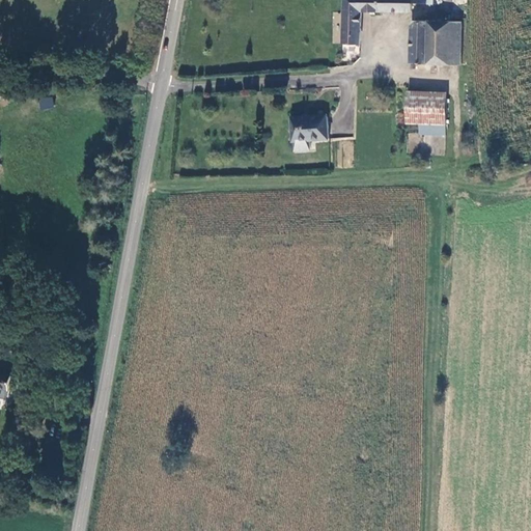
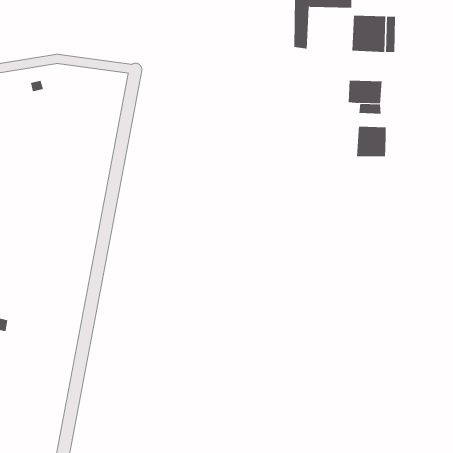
building: [290,112,327,139] -> none
building: none -> [357,126,386,157]

